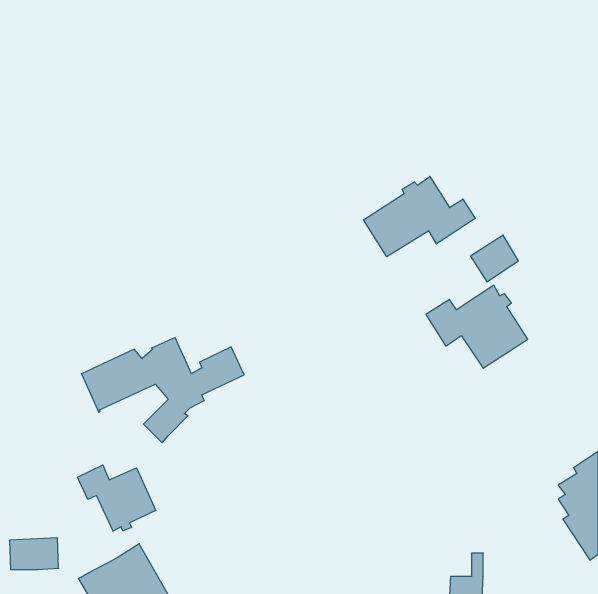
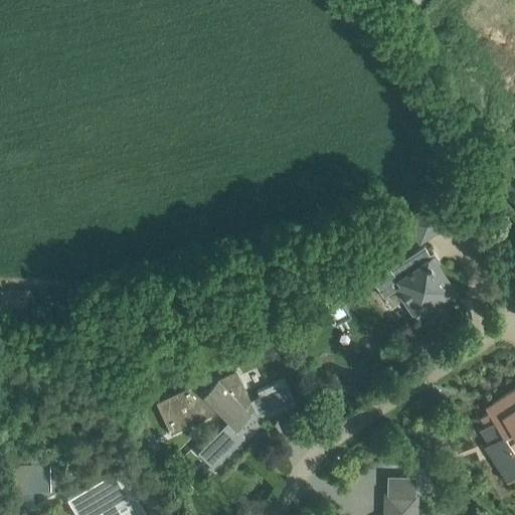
building: [364,176,475,257] -> none
building: [81,338,244,443] -> [156,372,296,463]
building: [77,465,156,531] -> none

